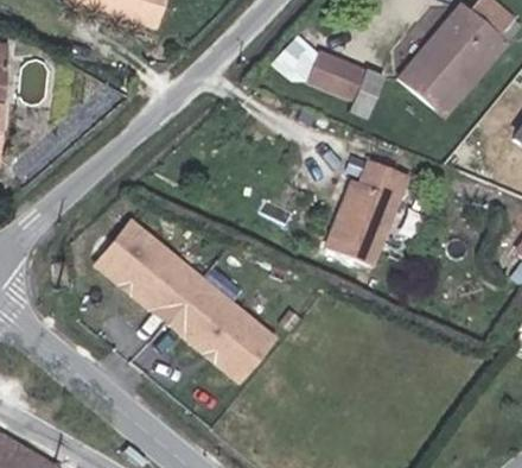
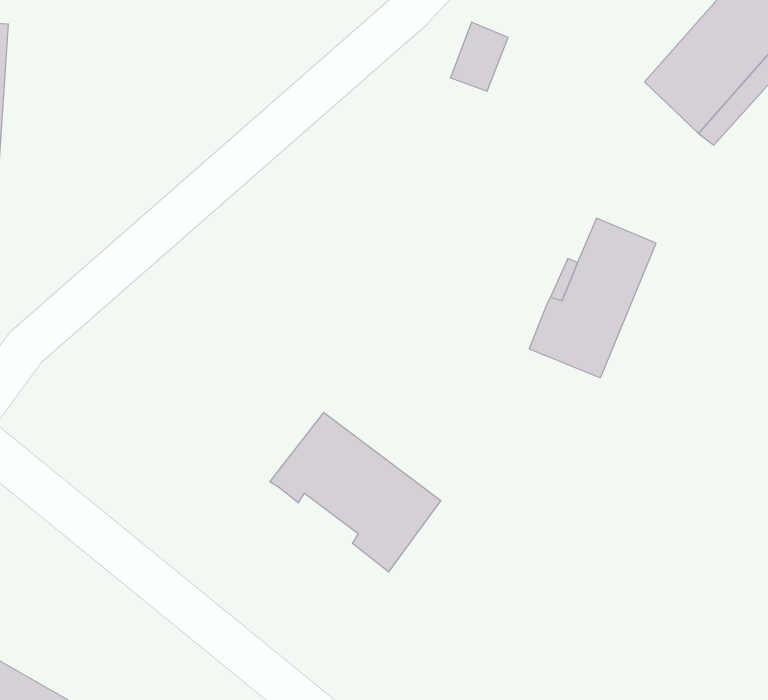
building: [303,48,365,101] -> none
building: [100,226,202,322] -> none

